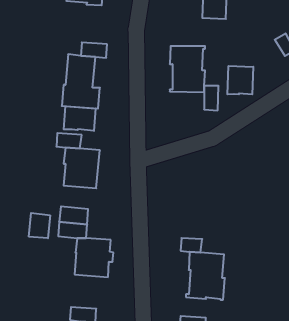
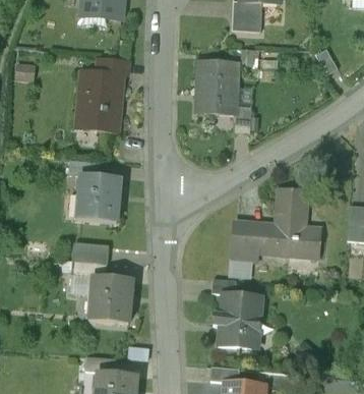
building: [227,66,253,94] -> none
building: [64,106,96,131] -> none
building: none -> [264,188,320,256]
building: none -> [230,223,260,275]
building: [29,213,50,238] -> none

